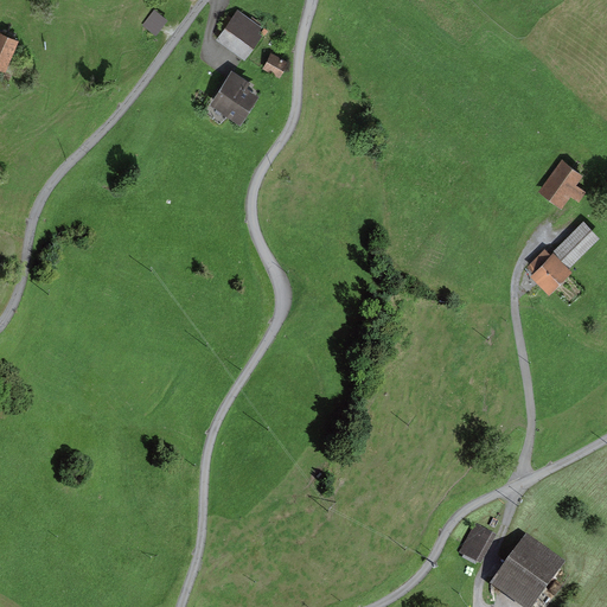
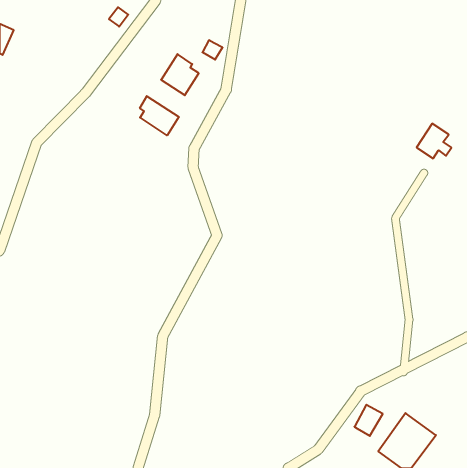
building: [215,7,262,60] -> none
building: none -> [140,96,179,135]
building: [526,221,599,294] -> none

